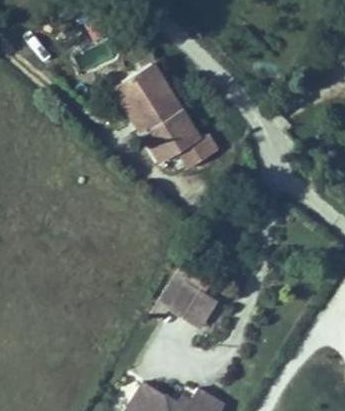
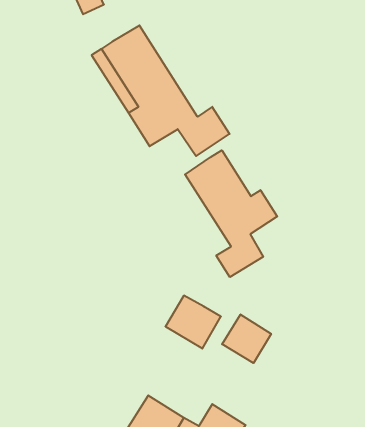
building: none -> [185,150,277,277]
building: none -> [222,314,271,363]

